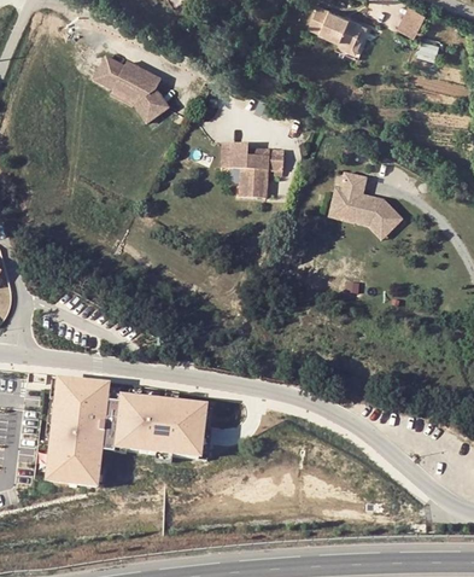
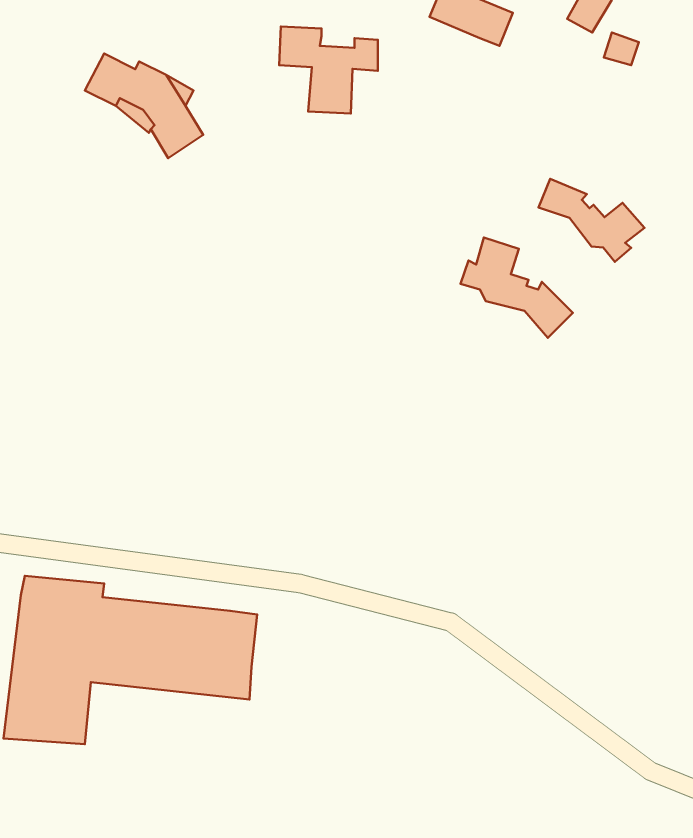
building: none -> [539,179,645,262]
building: [222,139,283,193] -> [279,26,378,113]

